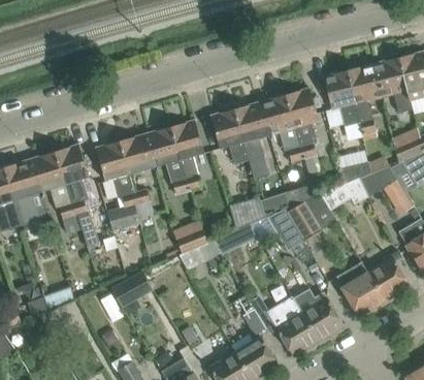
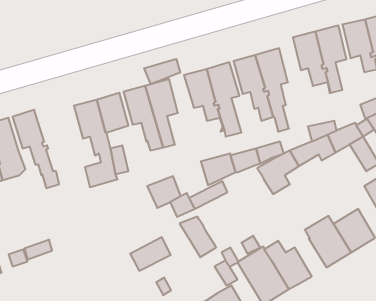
building: none -> [144,59,180,84]
building: [55,144,98,246] -> none
building: [266,209,304,251] -> [180,217,216,257]
building: [109,268,152,304] -> [130,237,171,271]

